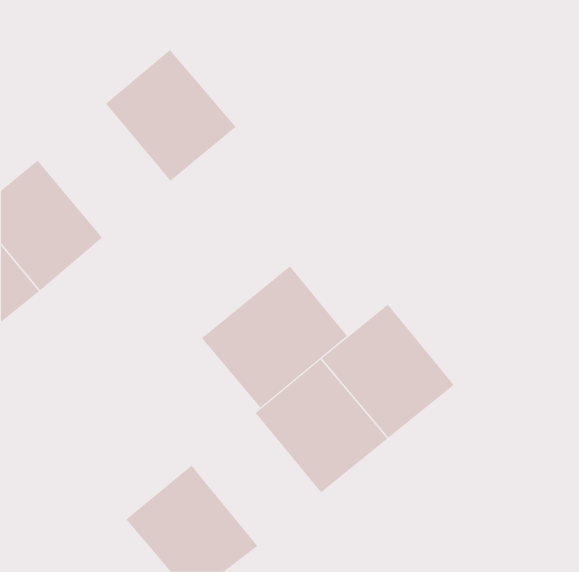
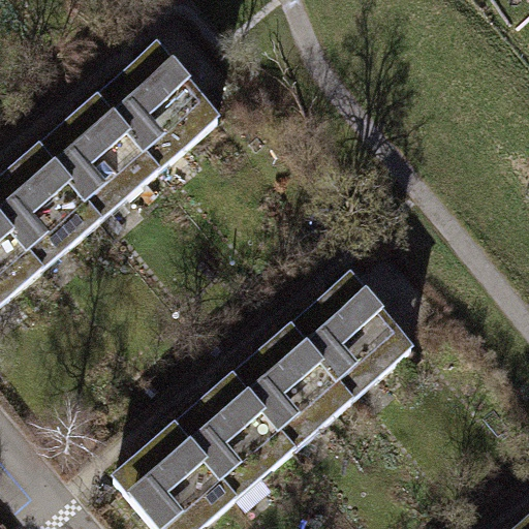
building: none -> [38,94,158,215]
building: [201,266,348,409] -> none
building: none -> [178,374,294,494]

